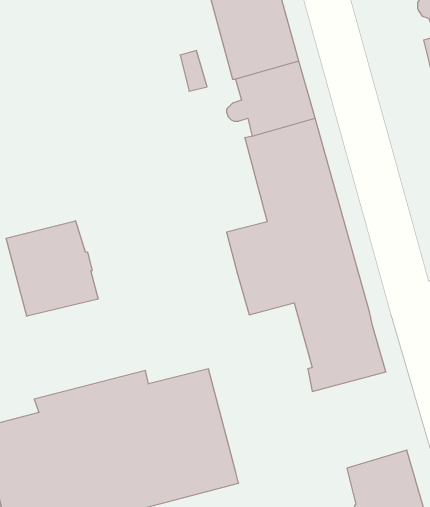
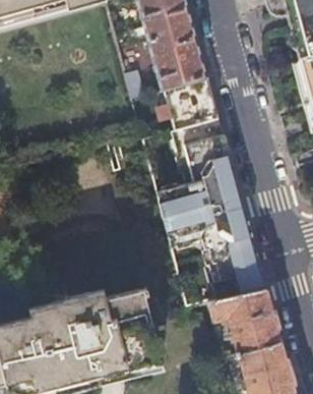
building: [6,221,98,316] -> none
building: none -> [210,287,279,352]

